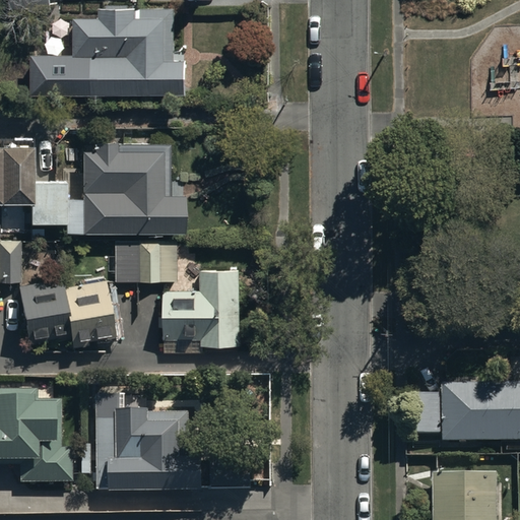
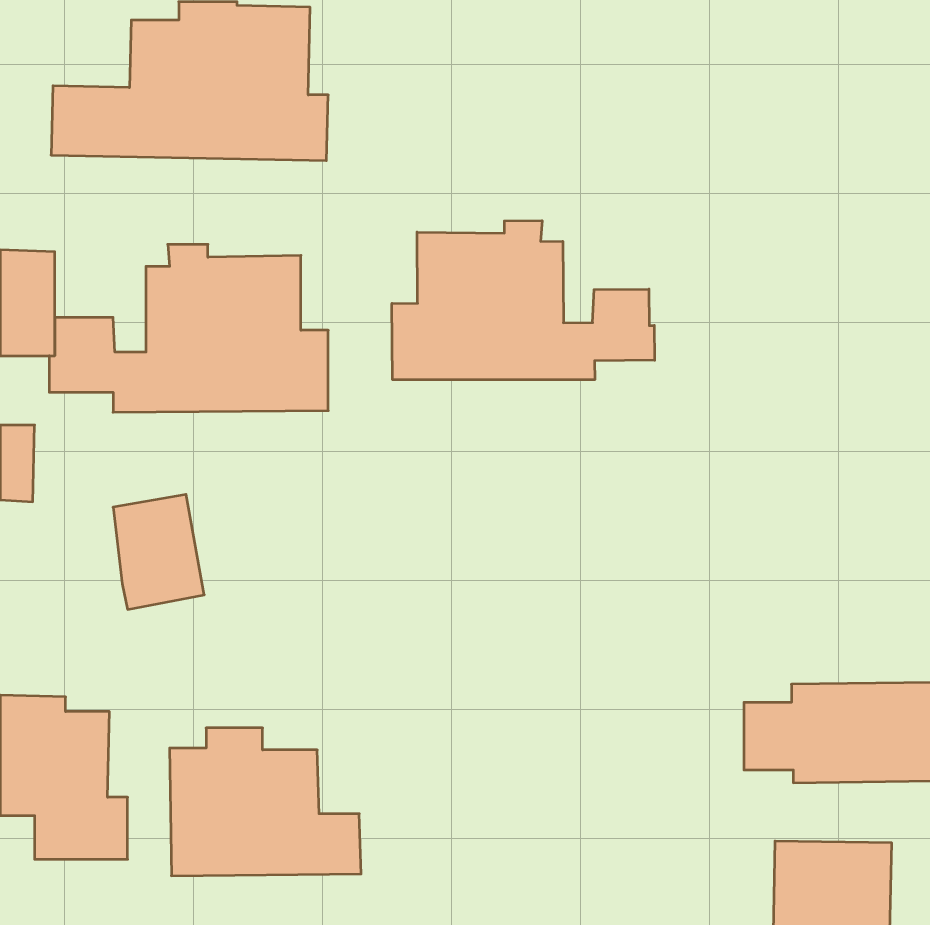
building: none -> [392,221,655,380]
building: [115,241,177,283] -> none
building: [165,269,240,352] -> none
building: [18,277,69,338] -> none

